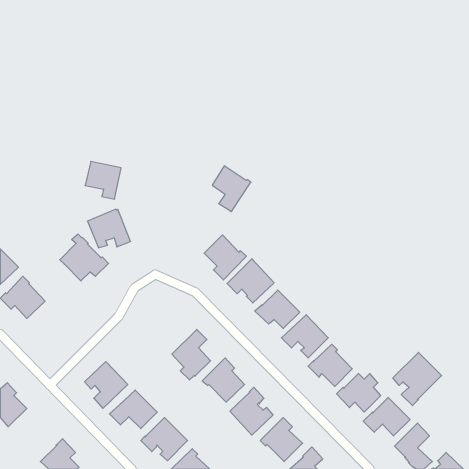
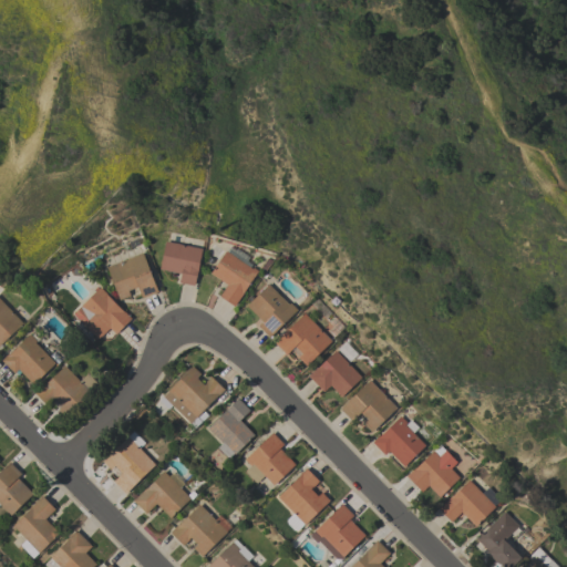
building: [85,161,121,199] -> [159,240,203,286]
building: [212,166,251,212] -> [212,250,258,306]
building: none -> [35,364,99,416]
building: none -> [163,365,225,423]
building: [393,352,442,406] -> none
building: none -> [13,495,59,553]

